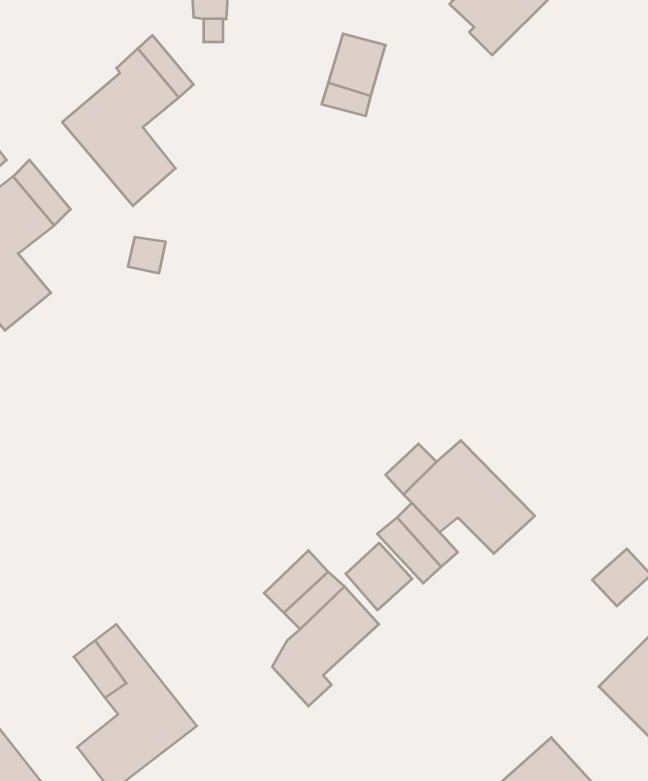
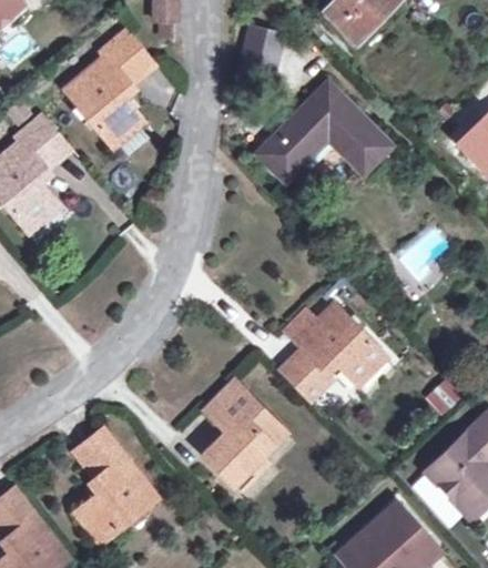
building: none -> [256,82,392,180]
building: [346,543,412,610] -> none

